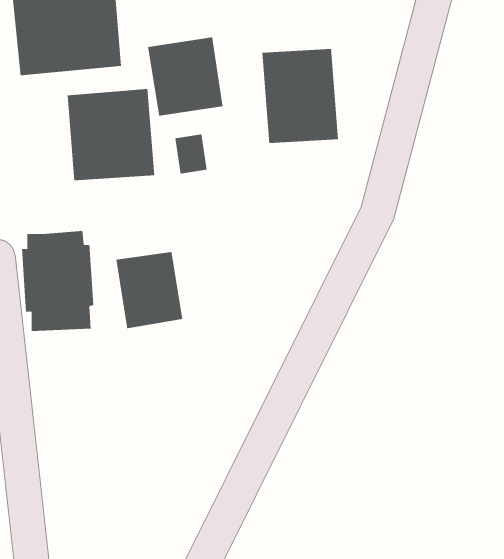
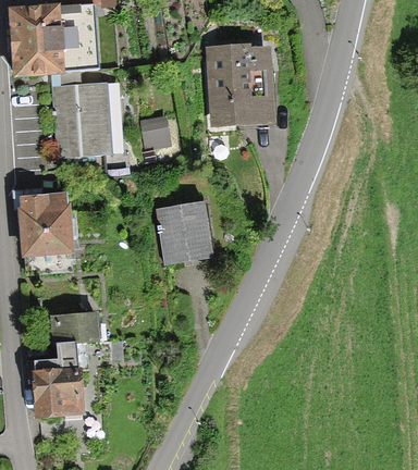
building: [147,36,223,117] -> none
building: [116,251,183,329] -> [156,201,209,262]
building: none -> [33,311,99,417]

